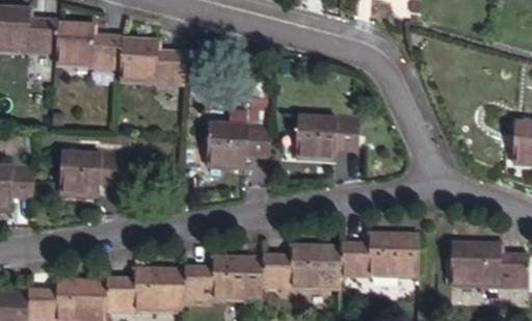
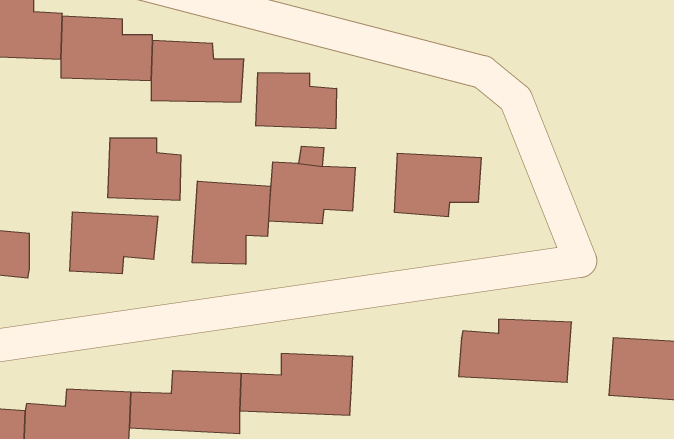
building: none -> [256,73,337,129]
building: none -> [108,138,181,200]
building: none -> [192,181,270,264]
building: [265,245,345,291] -> none

